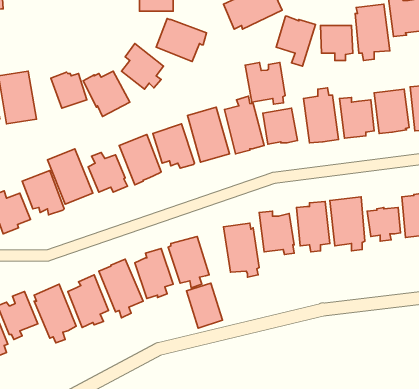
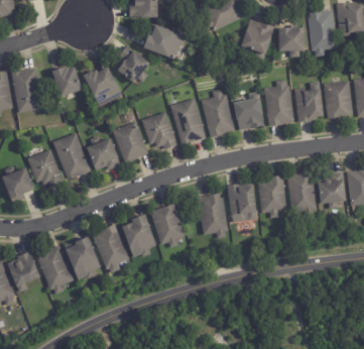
building: [245,62,285,104] -> none
building: [187,283,223,328] -> none

